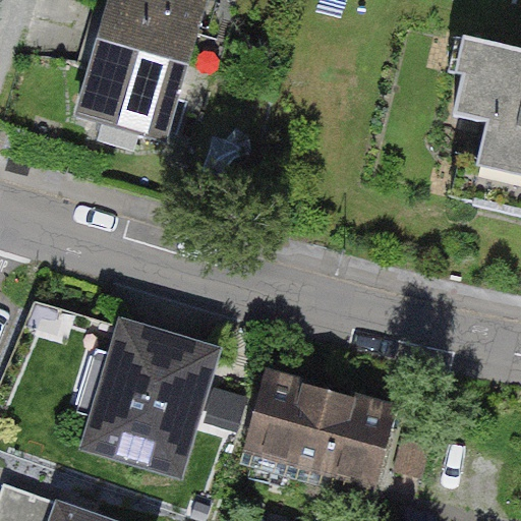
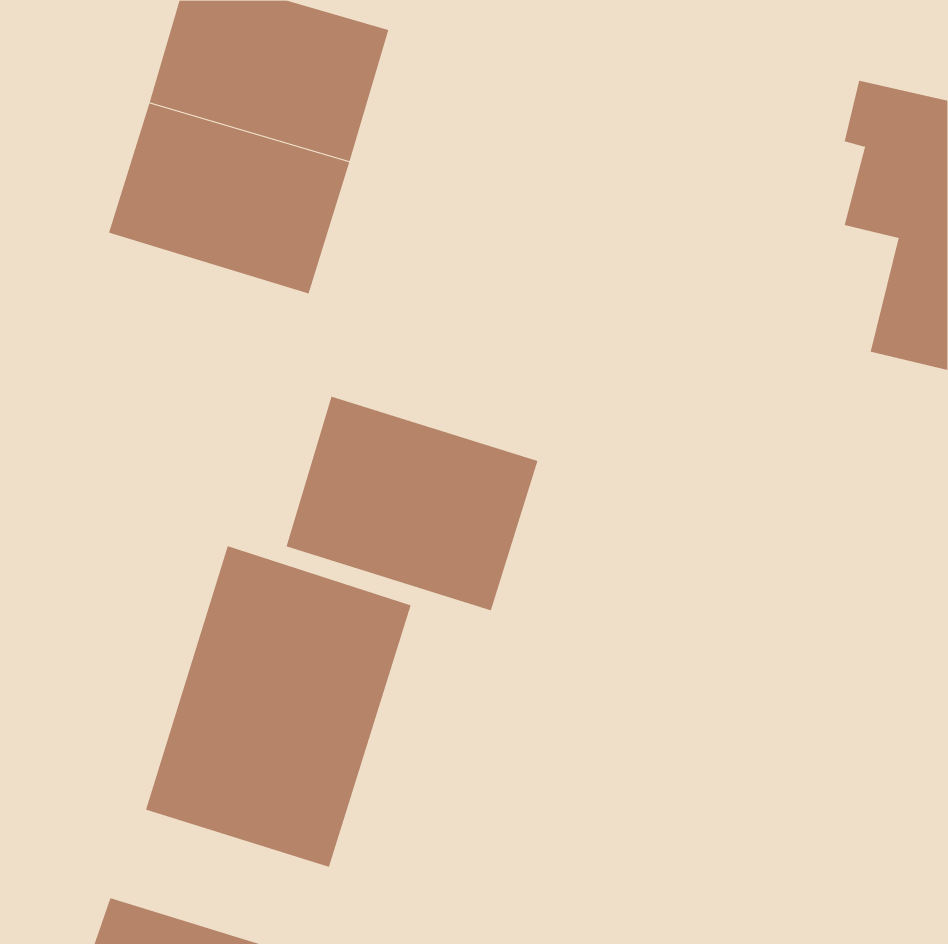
building: none -> [286,396,538,611]
building: [242,363,397,490] -> none

